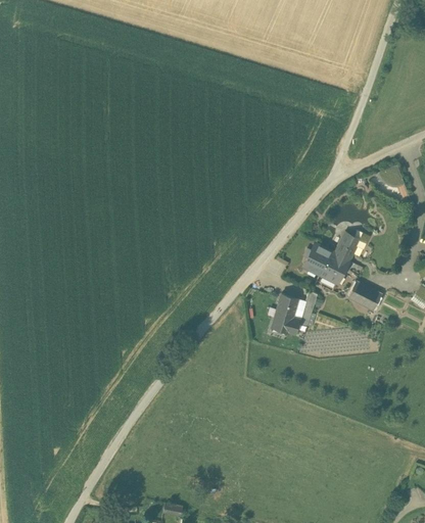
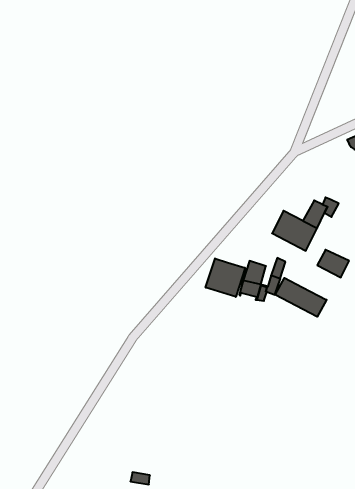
building: none -> [206,258,245,297]
building: none -> [275,278,327,317]

